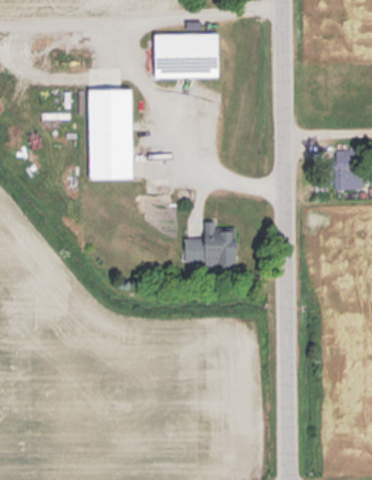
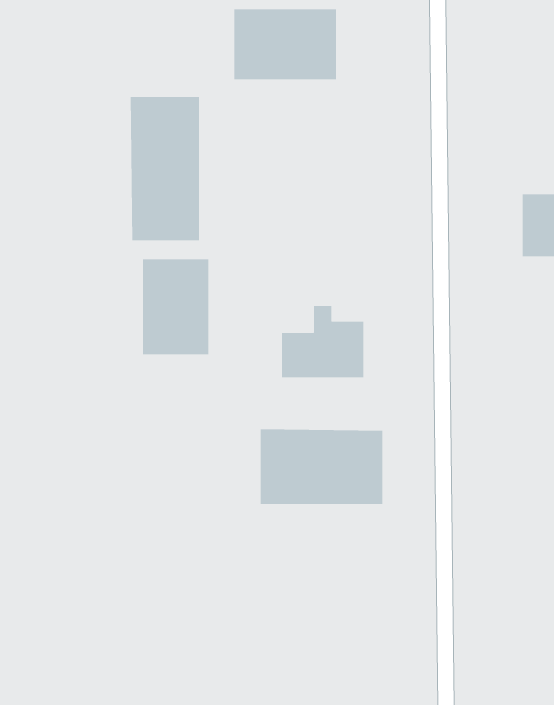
building: none -> [142,259,209,355]
building: none -> [260,428,383,505]

